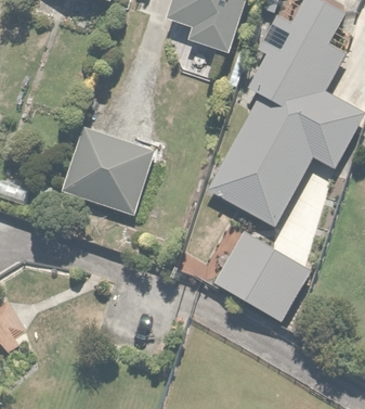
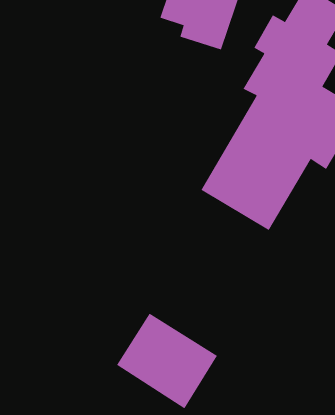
building: [61,123,154,215] -> none
building: [213,228,313,322] -> [116,313,218,409]

